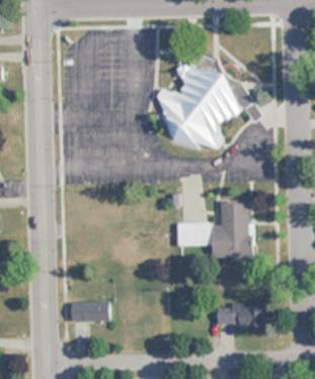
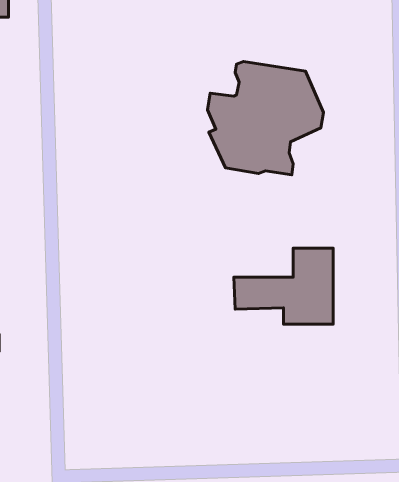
building: [72,301,110,321] -> none
building: [218,304,262,325] -> none

